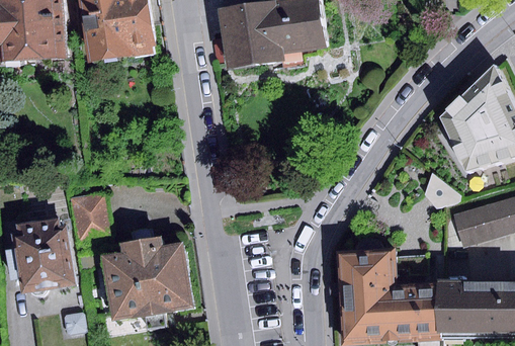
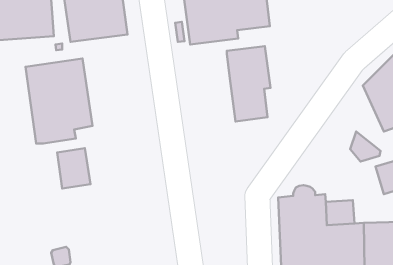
building: none -> [227,46,270,122]
building: none -> [25,59,92,143]
building: [11,218,76,297] -> none
building: [102,236,193,330] -> none

